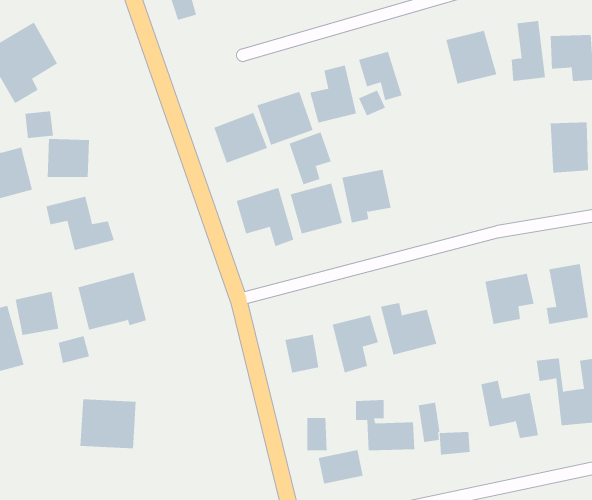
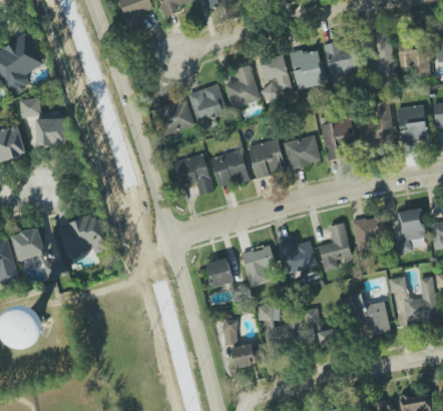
building: none -> [290,47,324,88]
building: none -> [362,100,394,144]
building: [289,131,332,185] -> none
building: none -> [322,119,354,159]
building: none -> [283,133,320,168]
building: [46,196,114,251] -> none
building: none -> [319,223,350,271]
building: [80,399,137,449] -> [7,310,48,346]

